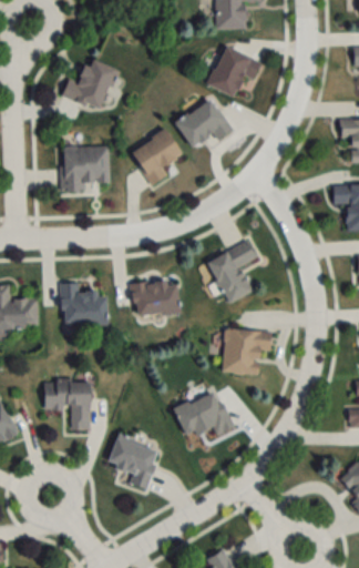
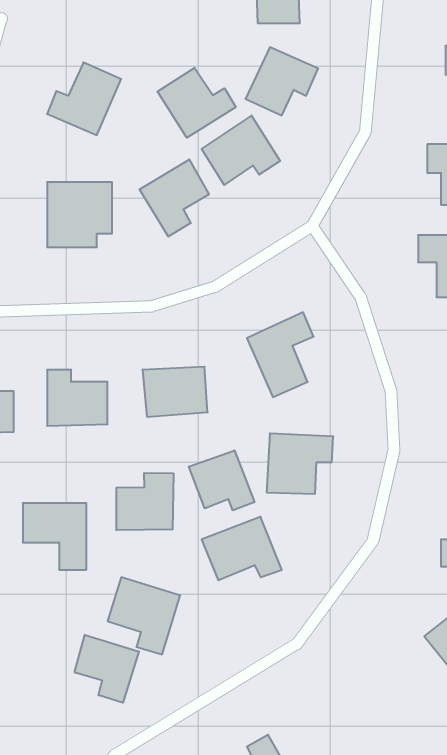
building: none -> [157,68,236,138]
building: none -> [189,450,254,510]
building: none -> [116,473,173,530]
building: none -> [75,635,139,703]

